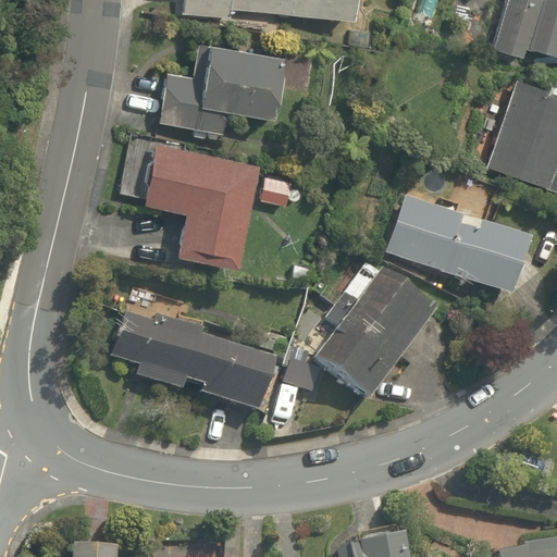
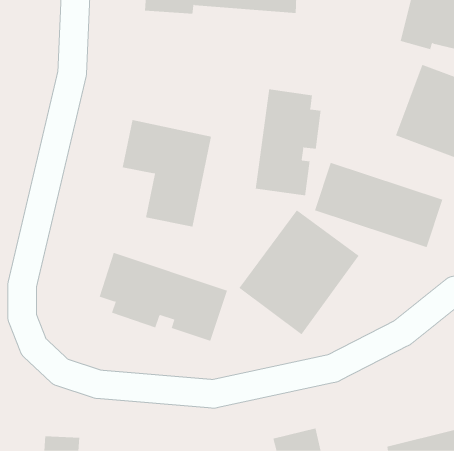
building: [161,41,293,134] -> none
building: none -> [255,88,321,196]

